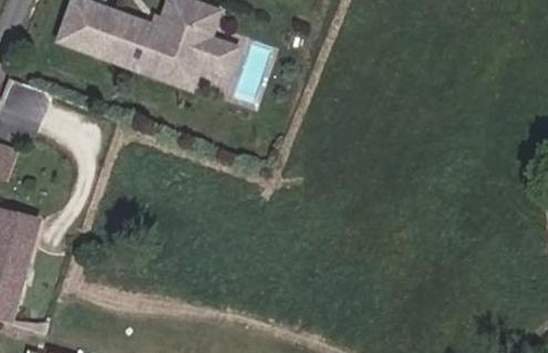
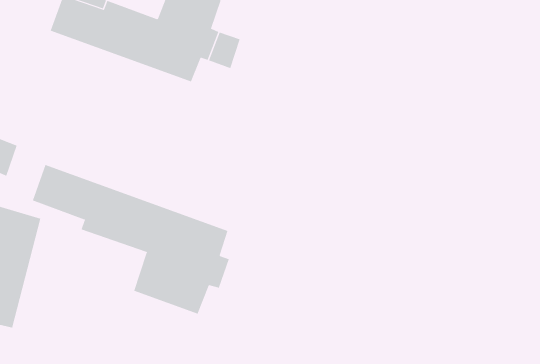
building: none -> [32,164,229,315]

